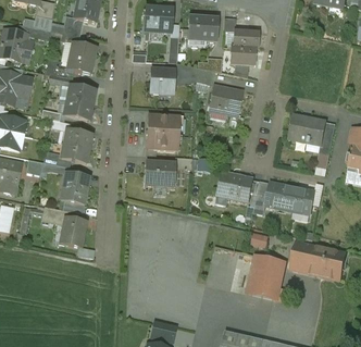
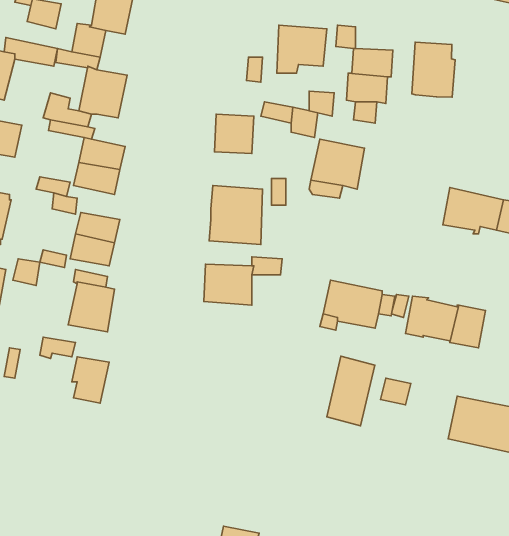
building: [144,7,172,33] -> none
building: none -> [412,42,455,97]
building: [256,257,285,299] -> [327,356,375,426]

